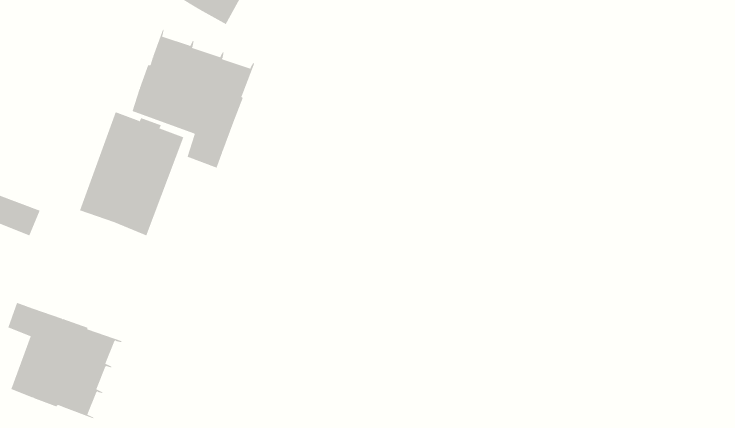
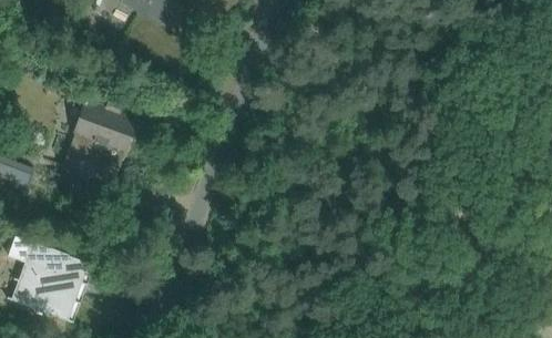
building: [132,28,255,168] -> none

